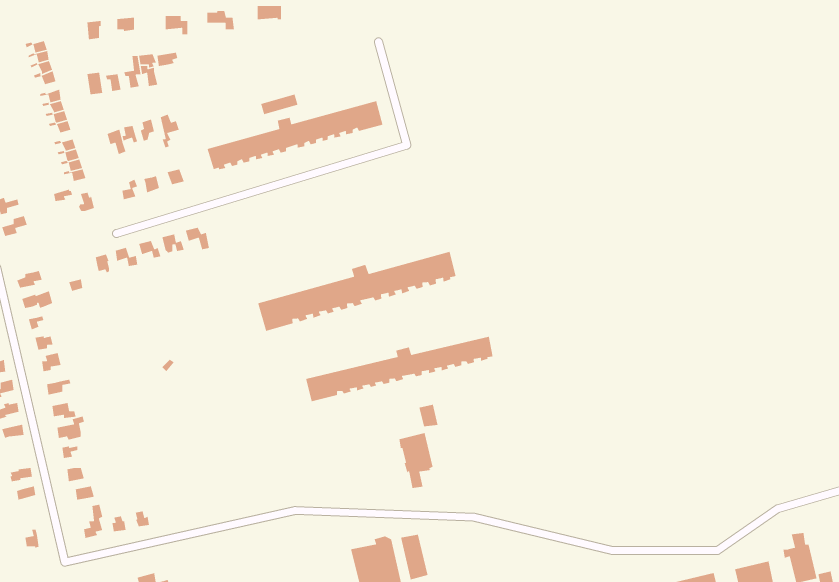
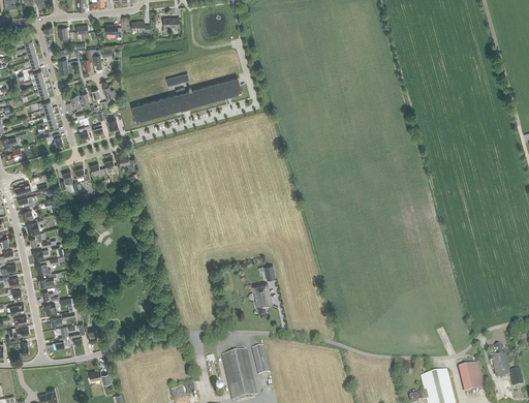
building: [257,251,457,332] -> none
building: [305,336,494,402] -> none

